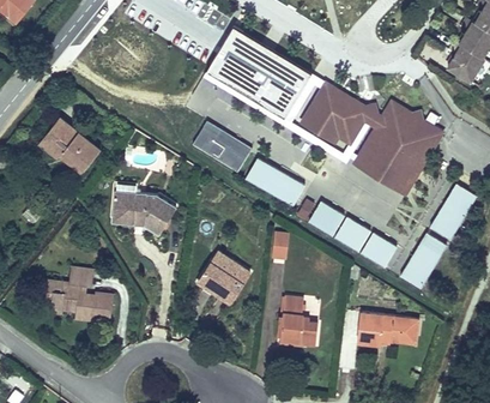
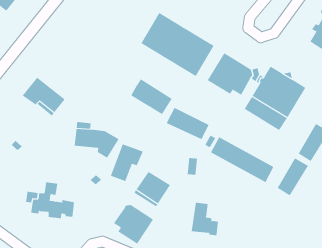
building: none -> [110,143,144,182]
building: none -> [113,204,154,245]
building: [358,312,419,344] -> none

